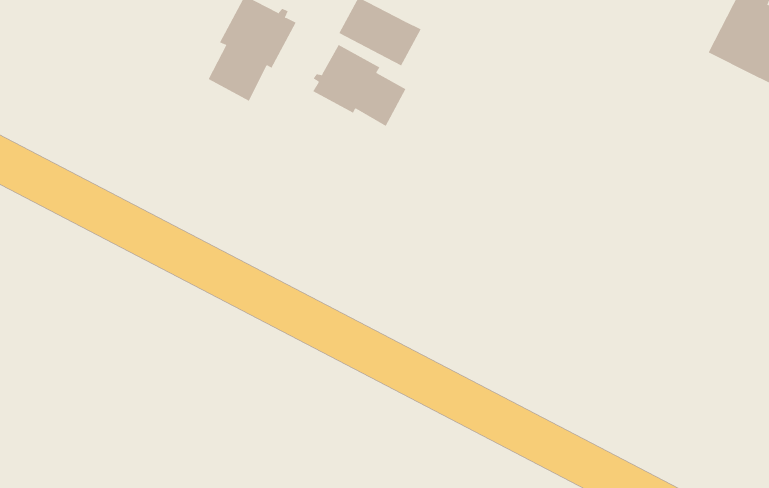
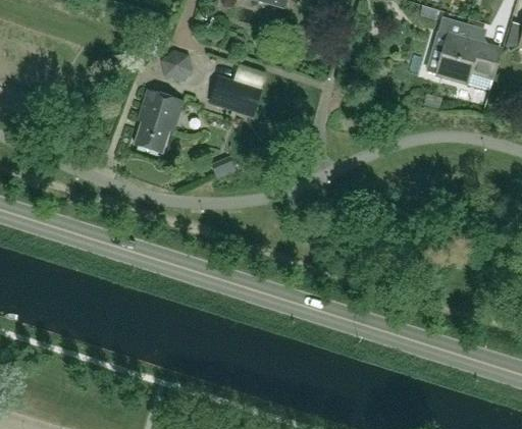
building: [312,44,406,127] -> none

